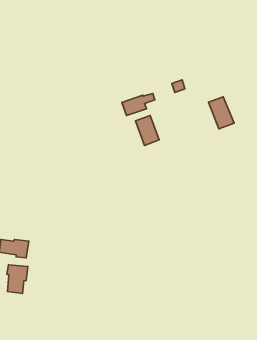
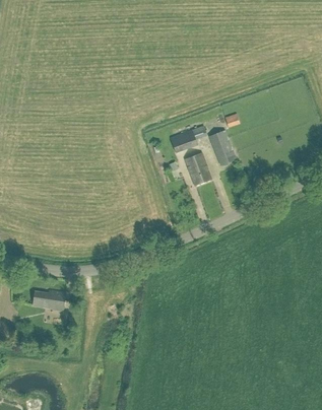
building: [209,97,234,129] -> [207,130,236,165]
building: [7,265,28,293] -> none

